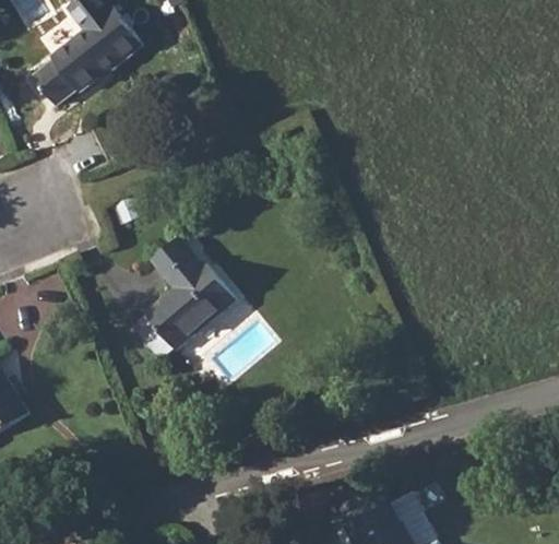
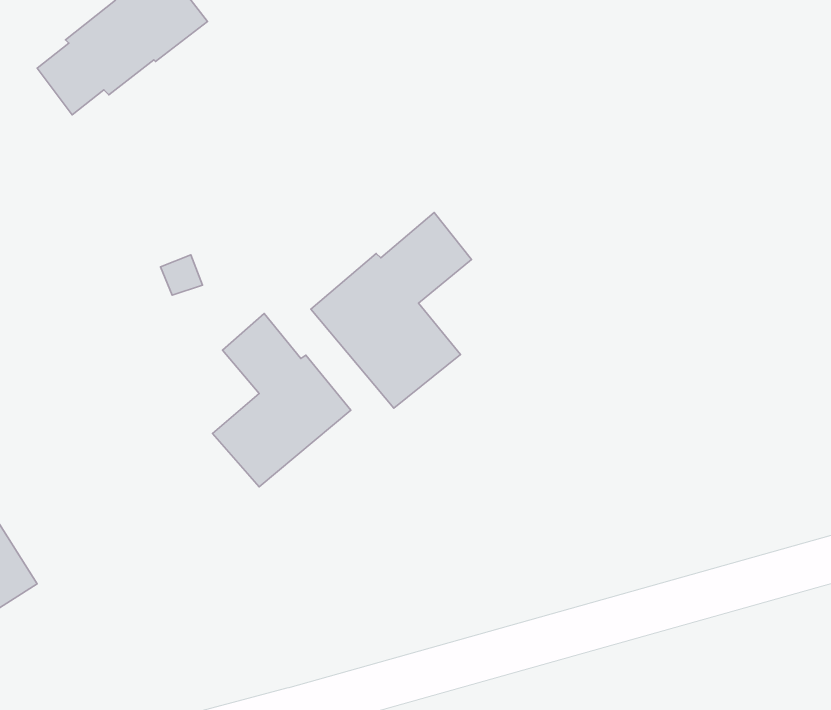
building: none -> [311,212,471,408]

